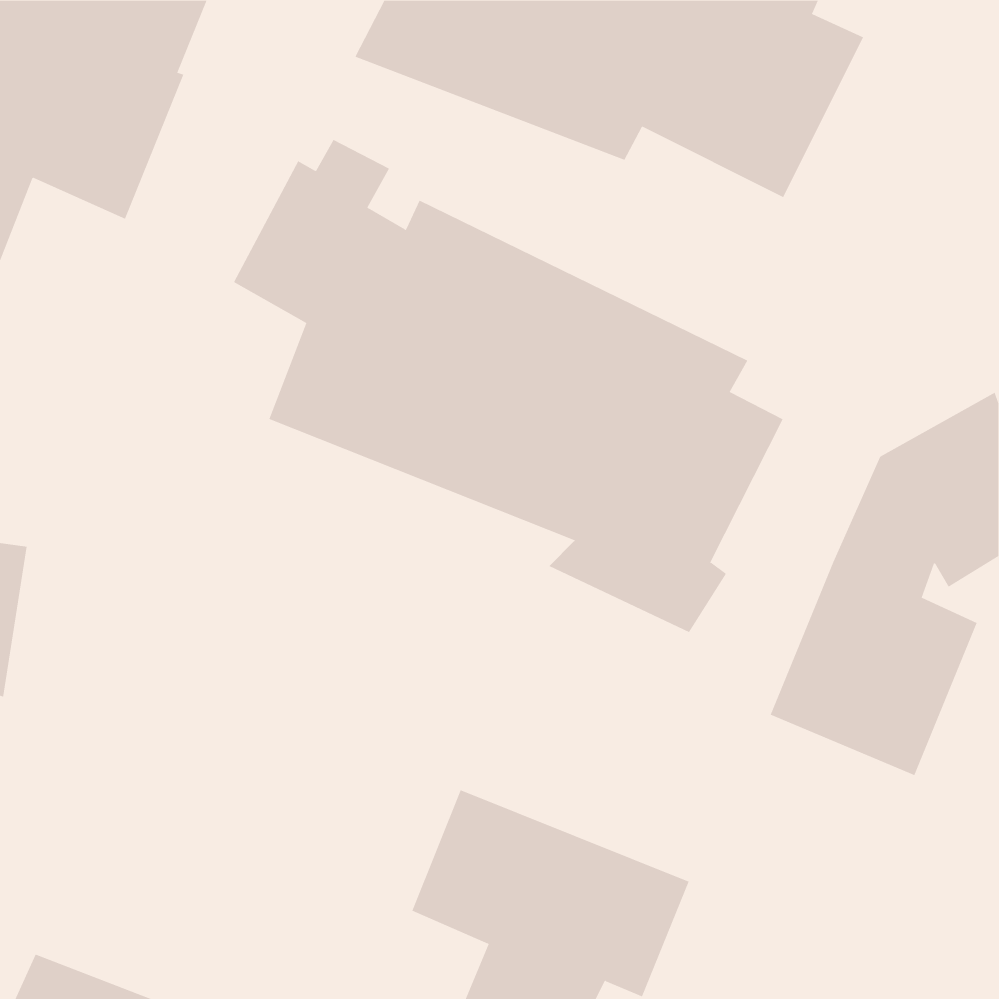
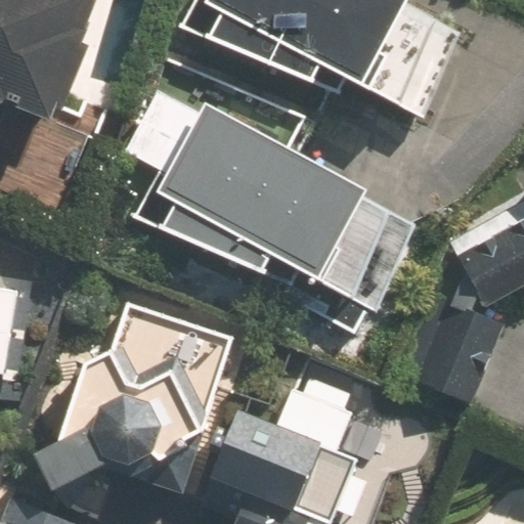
building: none -> [50,305,225,490]

